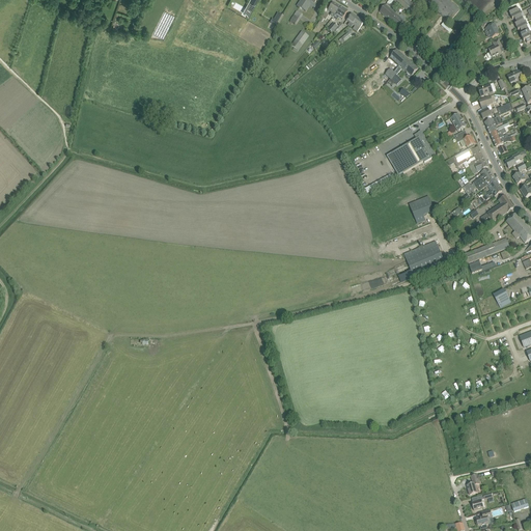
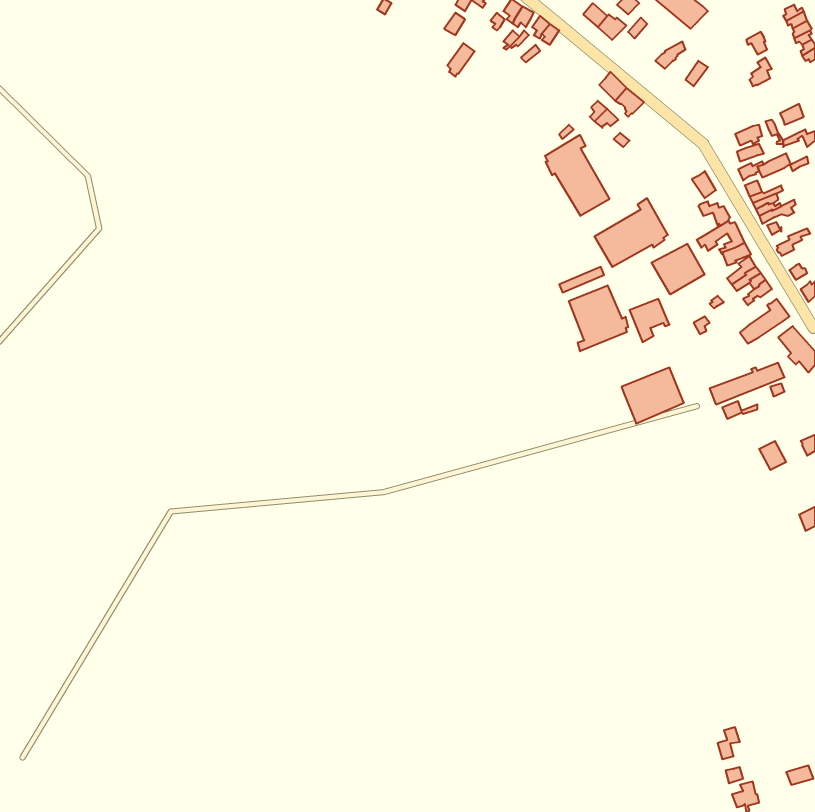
building: none -> [545,135,609,216]
building: none -> [652,244,705,294]
building: none -> [569,285,628,351]

